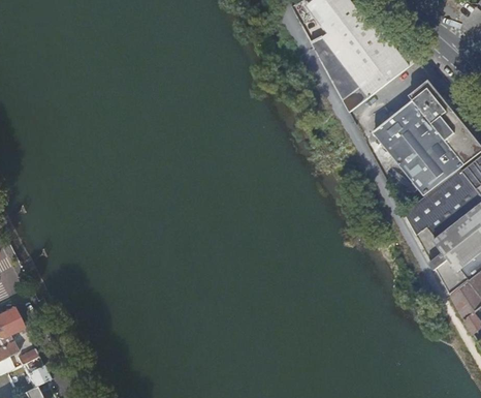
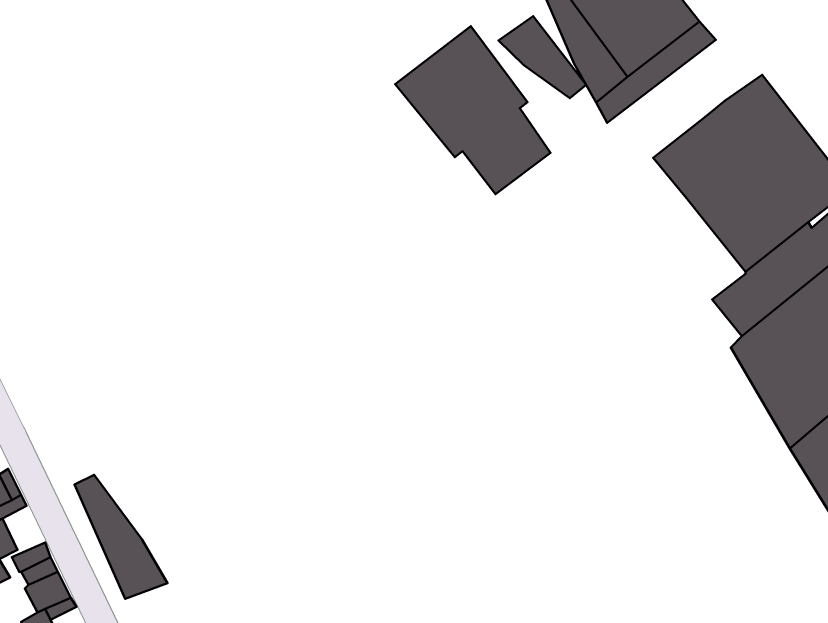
building: none -> [498,16,586,98]
building: none -> [395,26,551,194]
building: none -> [74,475,168,599]

